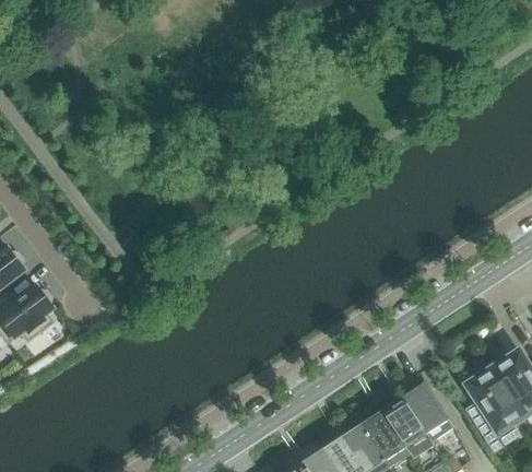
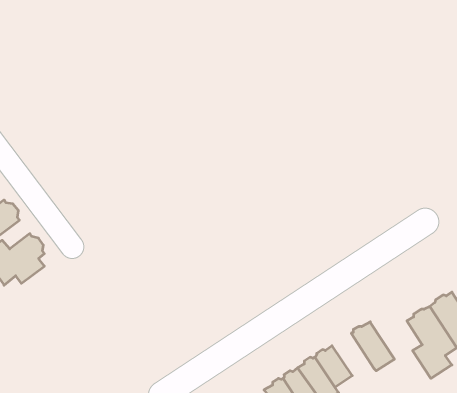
building: [381,398,429,452] -> none

